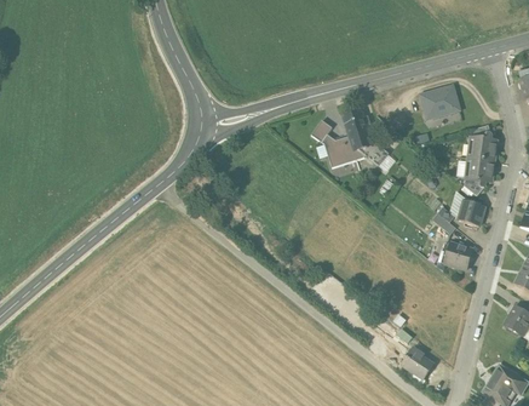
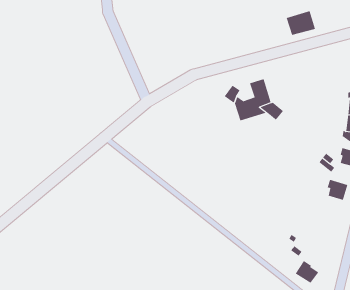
building: [420,85,459,118] -> [286,10,316,36]

